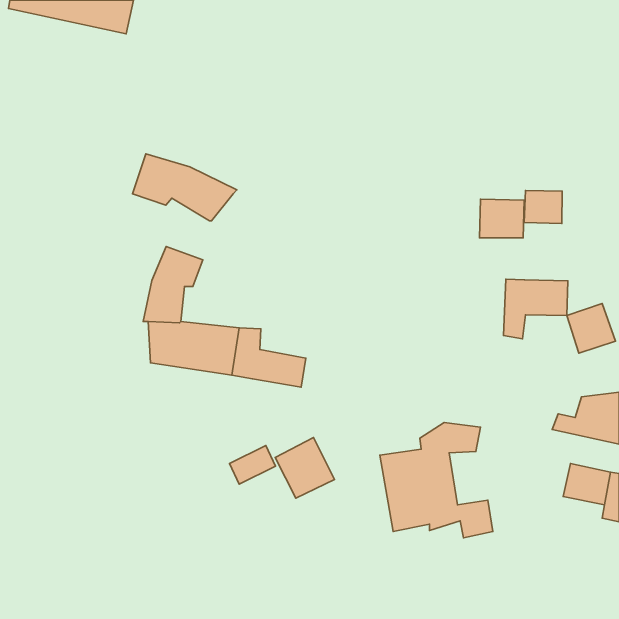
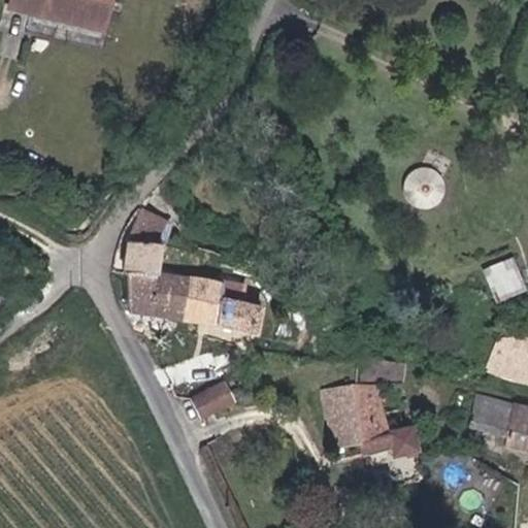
building: [132,154,237,221] -> none
building: [524,190,562,224] -> none
building: [504,279,568,339] -> none
building: [275,438,334,498] -> none

